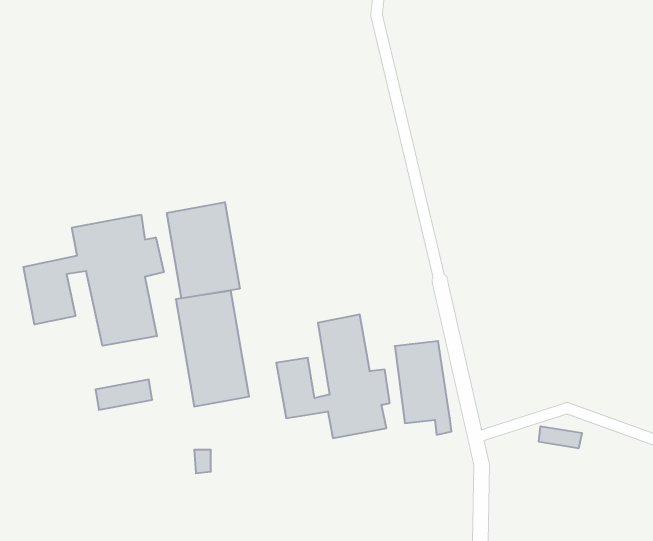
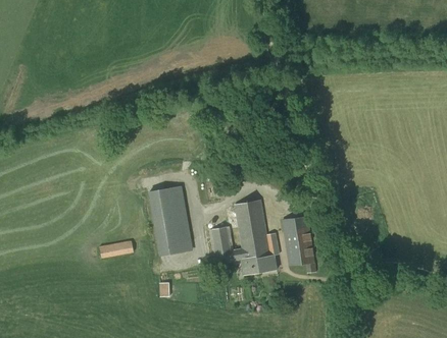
building: [167,202,240,298] -> none
building: [23,215,164,346] -> none

